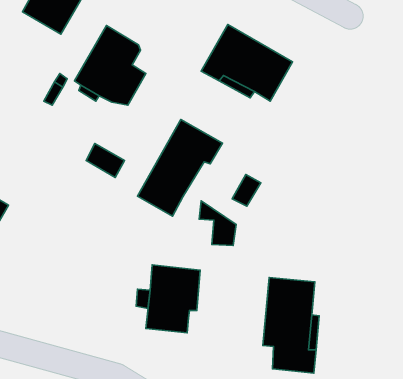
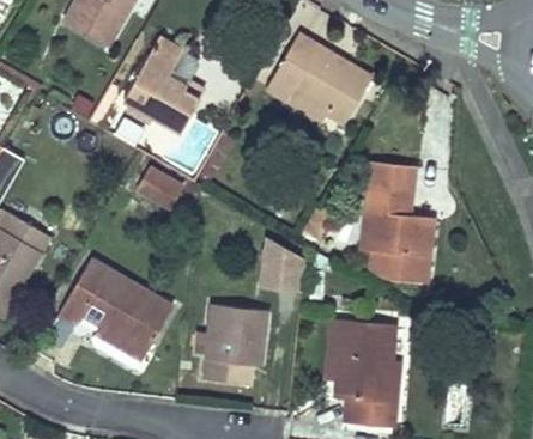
building: [137,119,222,216] -> none
building: none -> [359,158,431,280]
building: none -> [59,261,170,370]

